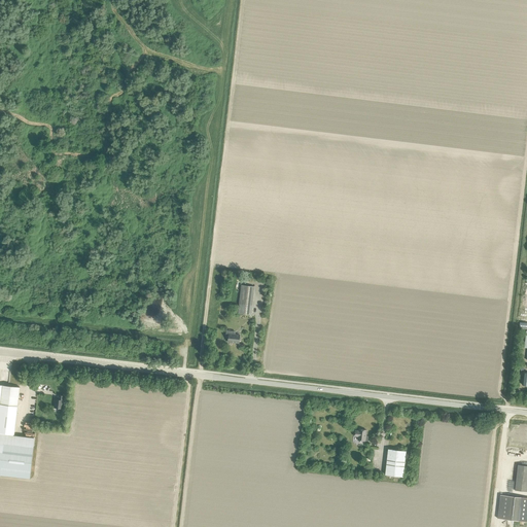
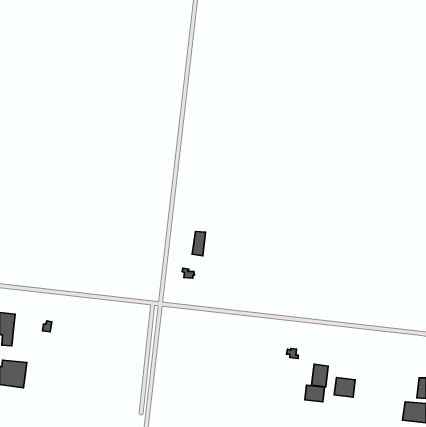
building: none -> [334,377,355,397]
building: none -> [305,385,325,402]

